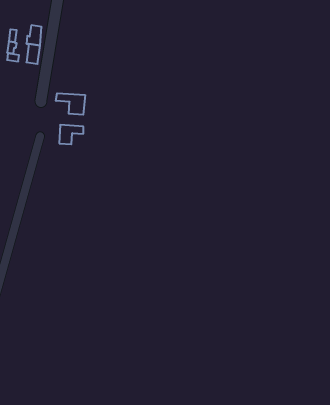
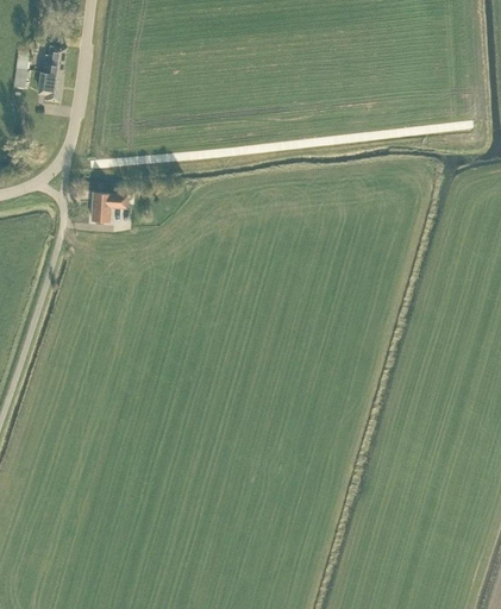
building: [56,93,85,115] -> none

